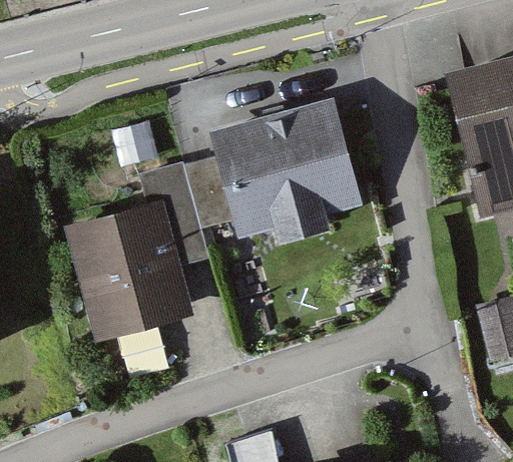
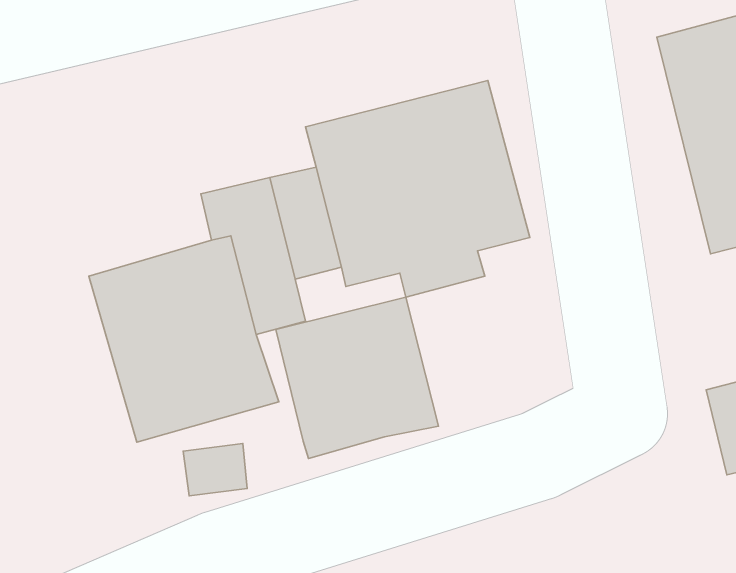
building: none -> [276,297,438,459]

